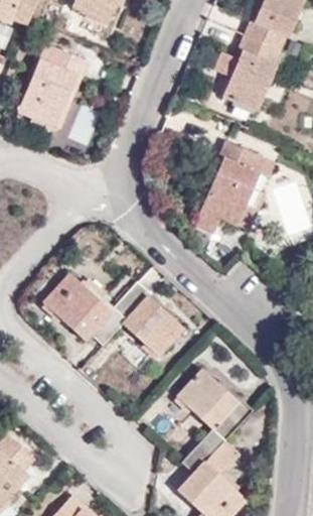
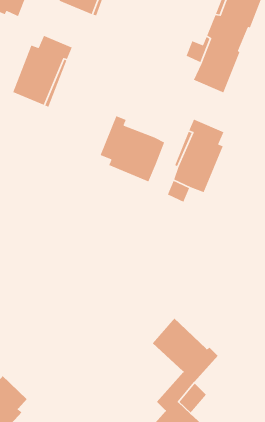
building: none -> [100,115,165,182]
building: [43,272,185,358] -> none

